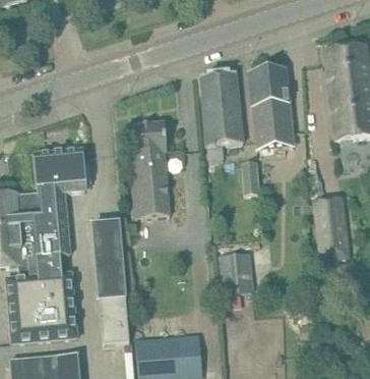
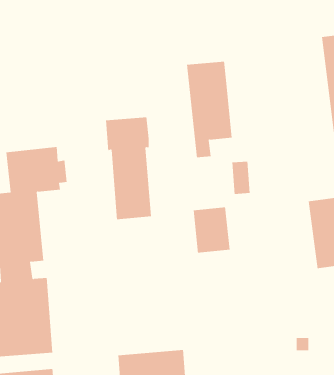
building: [248,69,294,149] -> none
building: [92,221,129,344] -> none
building: [220,252,254,294] -> [193,207,230,253]

